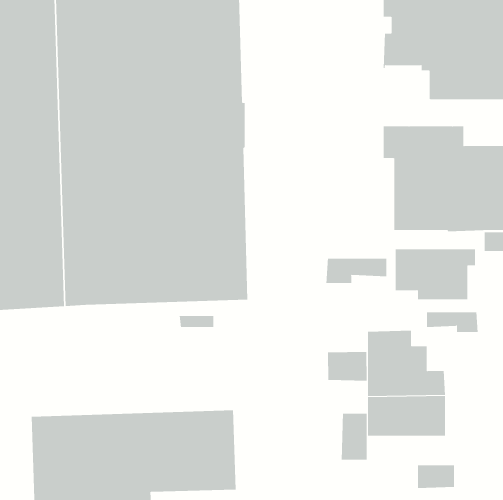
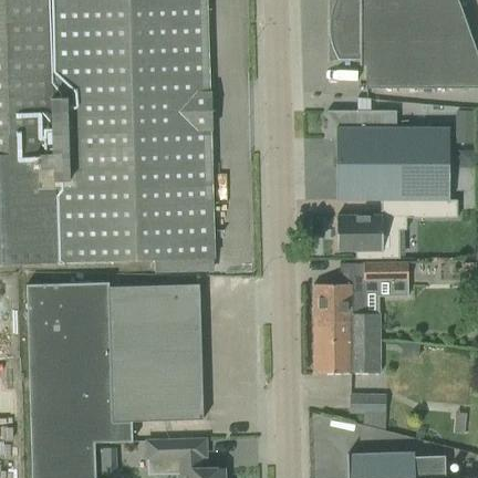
building: [326,258,387,284] -> none
building: none -> [28,283,201,356]
building: [327,351,367,381] -> none
building: [341,413,367,460] -> none

